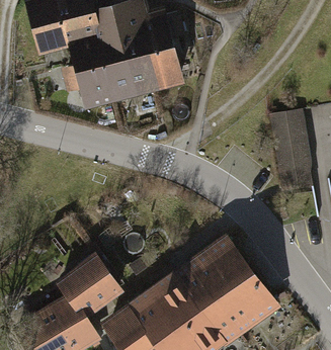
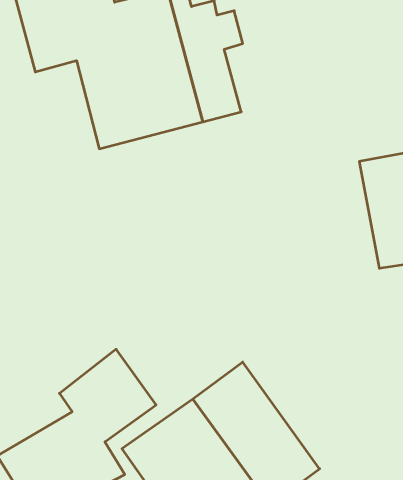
building: [184,233,279,337] -> none

